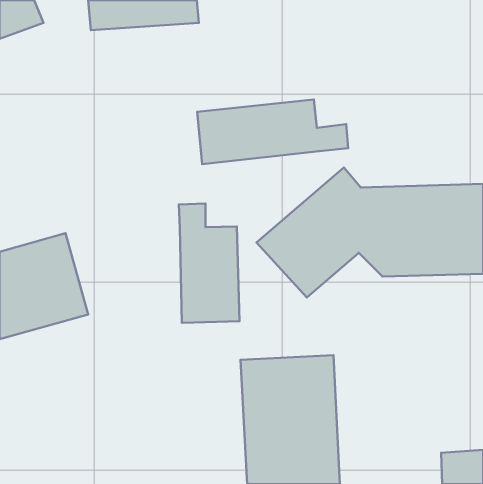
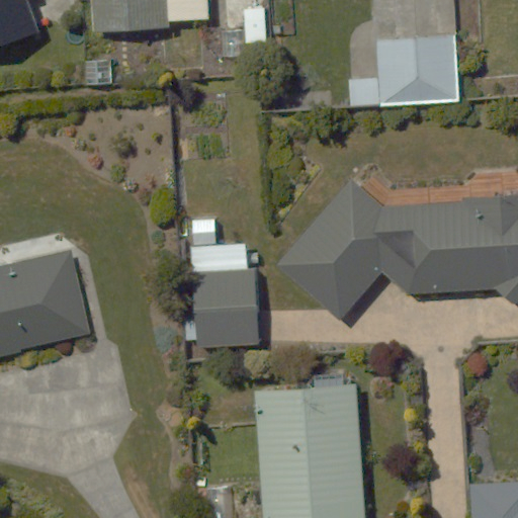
building: none -> [348,29,458,106]
building: [197,100,348,164] -> none

